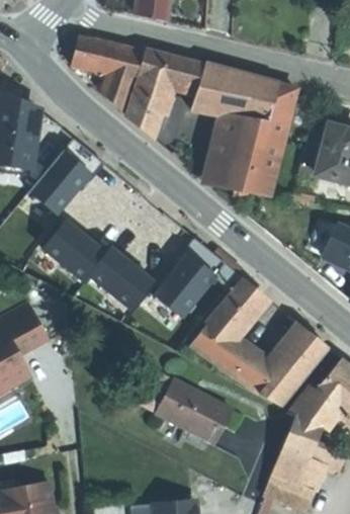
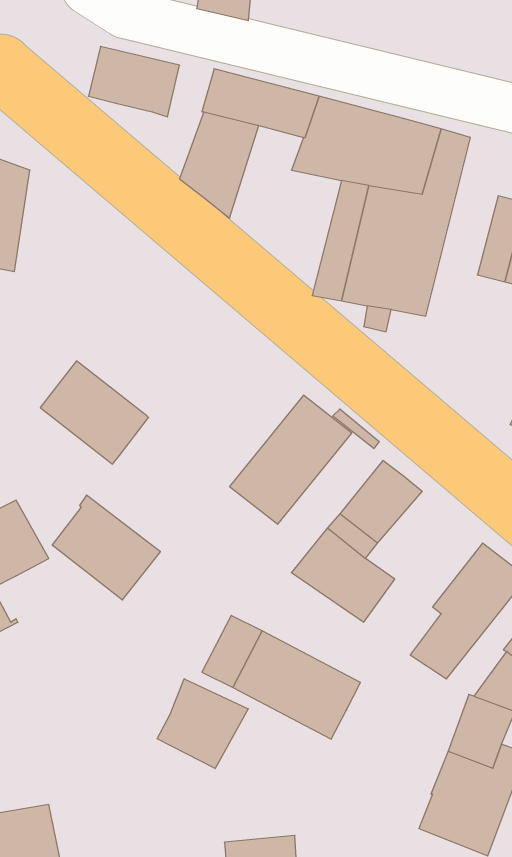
building: [102,47,145,111] -> none
building: [29,138,101,213] -> none
building: [90,247,154,309] -> [52,495,160,600]
building: [234,349,279,394] -> none
building: none -> [157,679,248,769]

